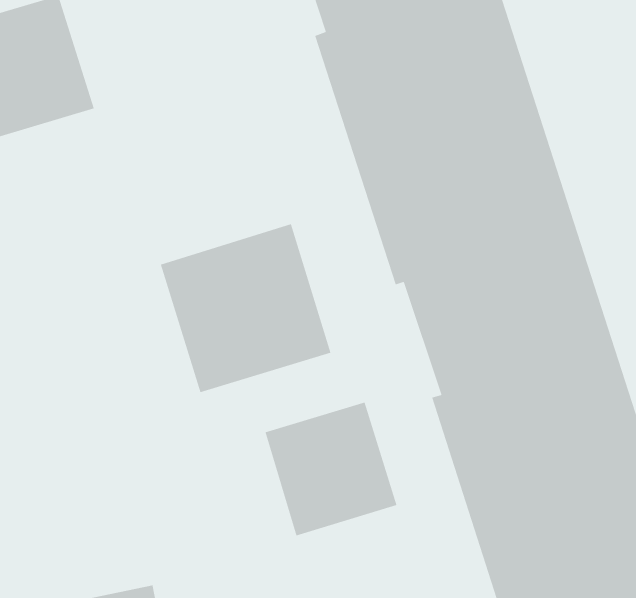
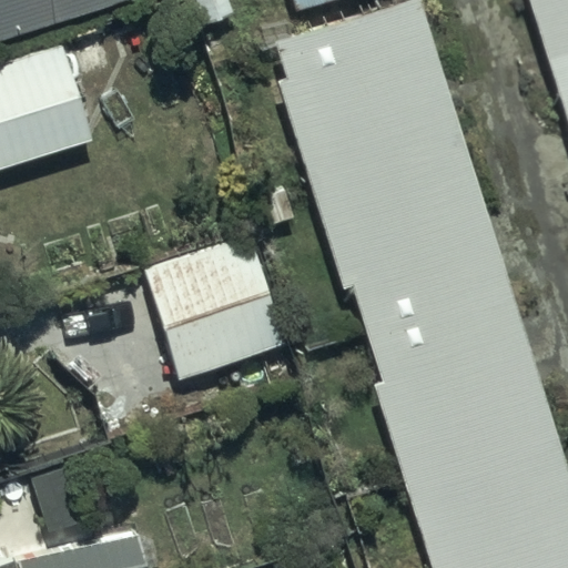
building: [265,401,397,537] -> none

